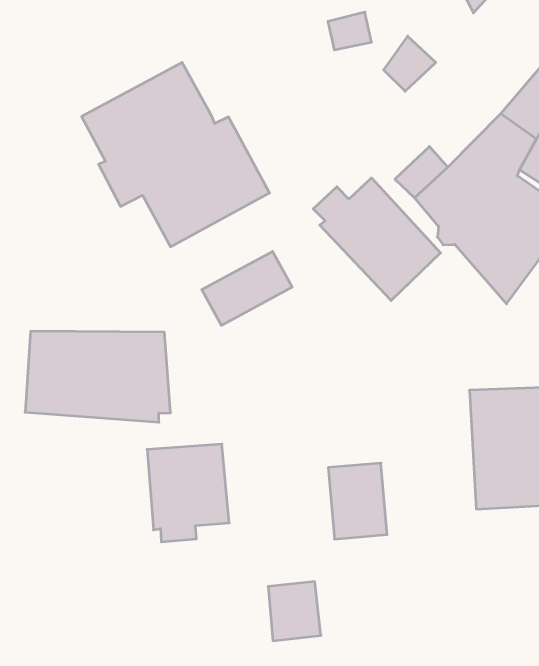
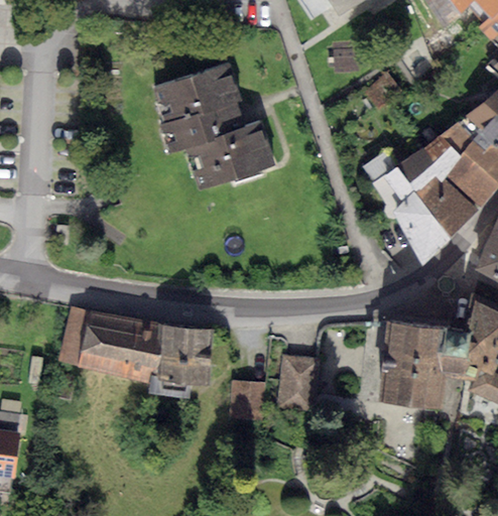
building: [313,178,441,301] -> none
building: [202,251,292,325] -> none
building: [25,331,171,422] -> [57,306,161,383]
building: [268,582,321,641] -> [229,381,264,420]

